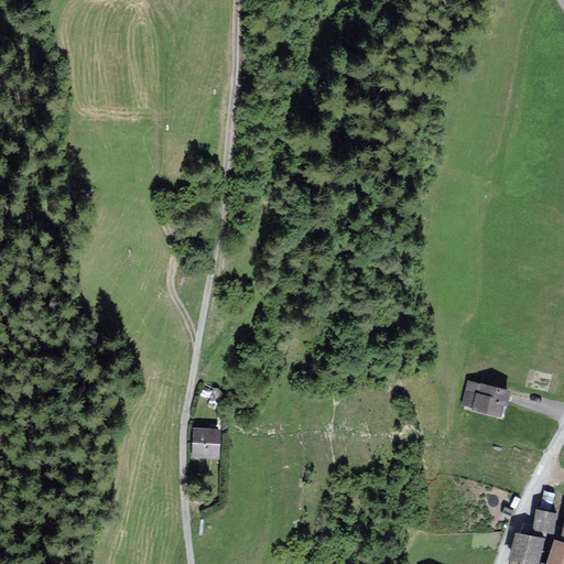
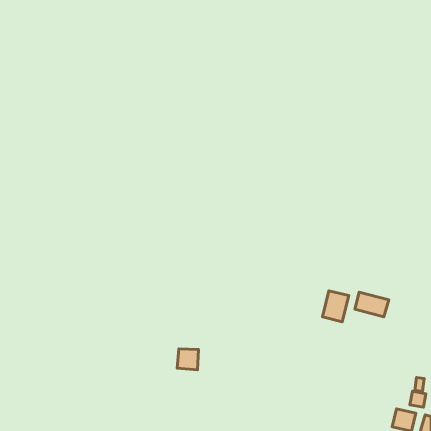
building: none -> [322,291,349,322]
building: [193,429,220,456] -> [177,349,198,370]

